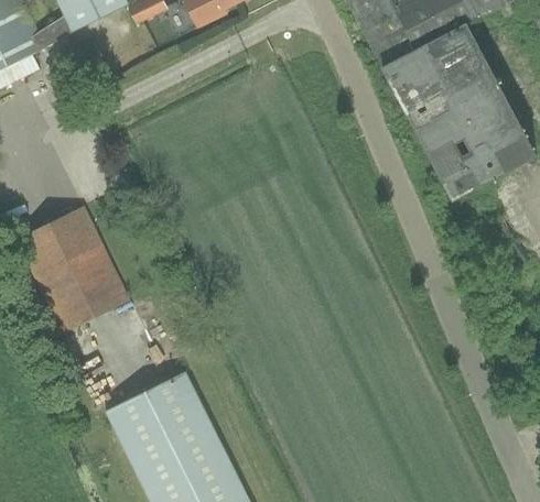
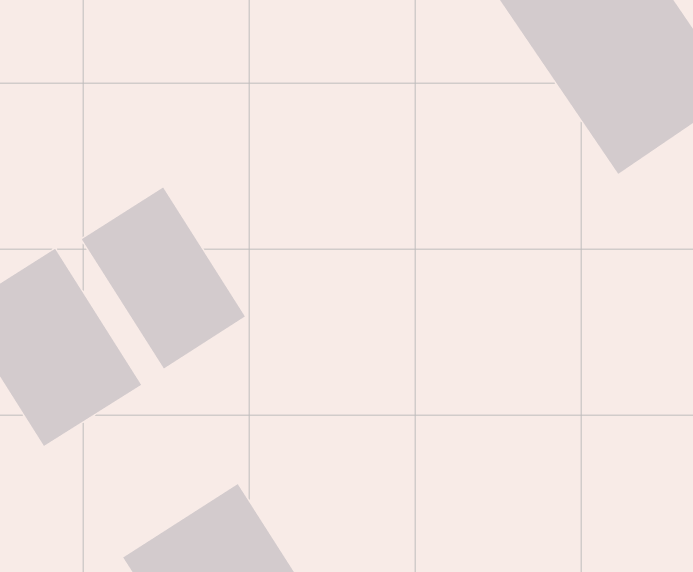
building: none -> [81,186,246,370]

